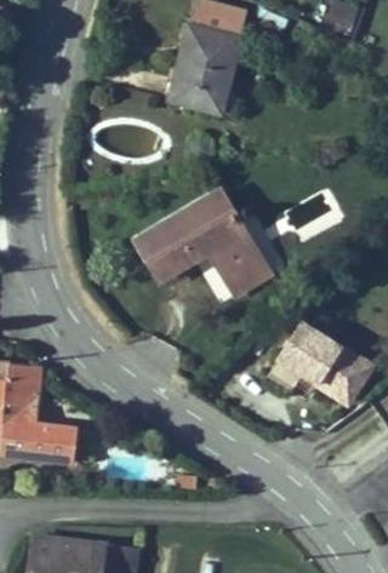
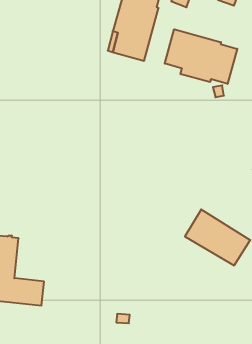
building: none -> [165,29,237,84]
building: [137,191,269,294] -> none

